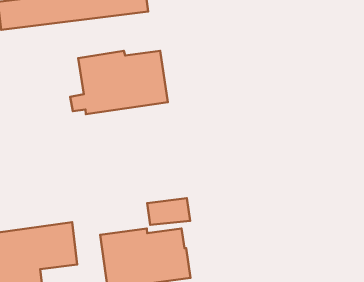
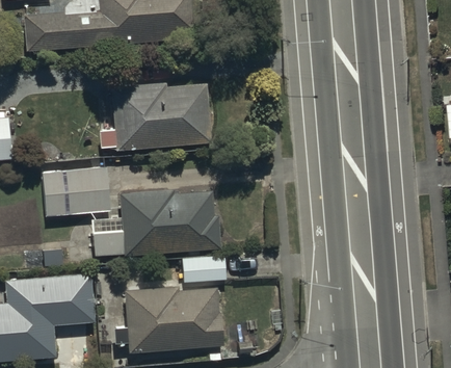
building: none -> [43,165,109,214]
building: none -> [91,190,220,257]

